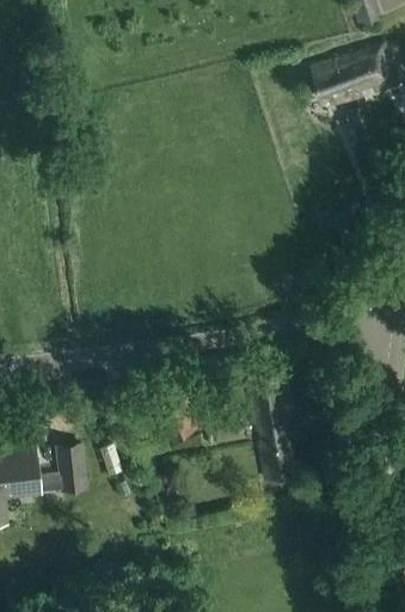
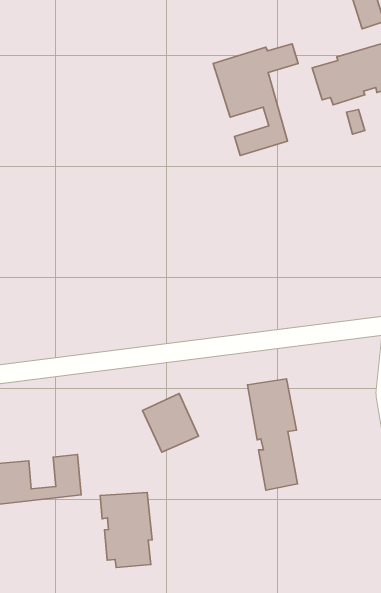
building: none -> [213,44,298,155]
building: none -> [100,492,152,568]

